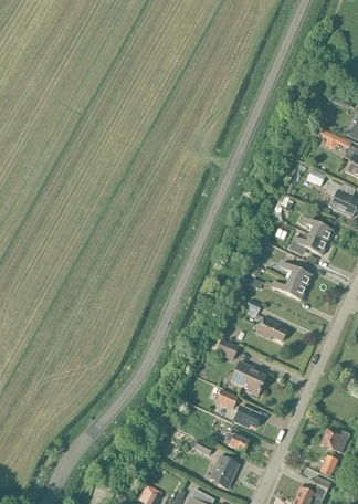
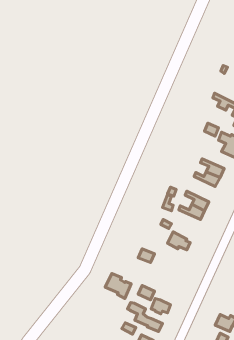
building: [230,361,265,396] -> [105,273,131,299]

